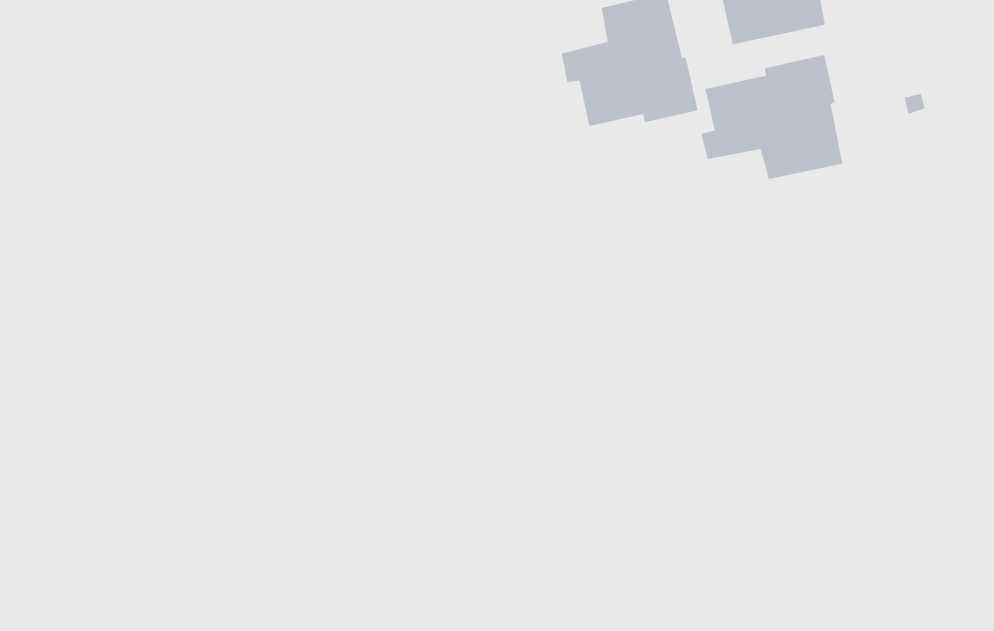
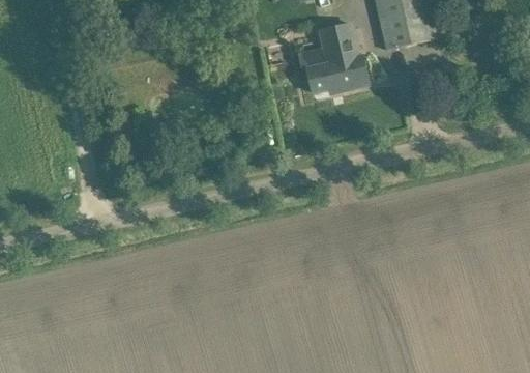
building: [701,54,843,180] -> none

